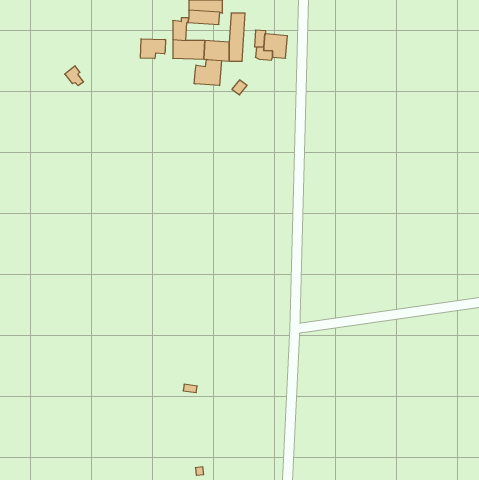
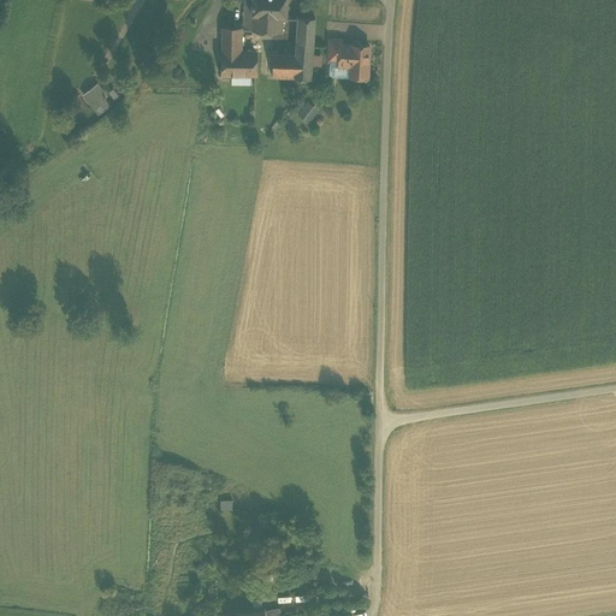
building: [140,39,166,59] -> none
building: [194,59,221,86] -> none

